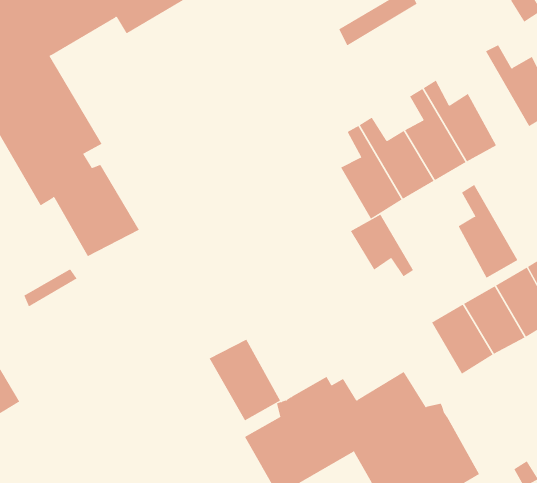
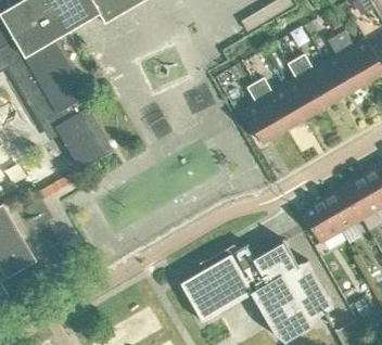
building: [458,184,518,279] -> [324,36,364,97]
building: [350,214,414,277] -> none
building: [209,339,281,421] -> none

